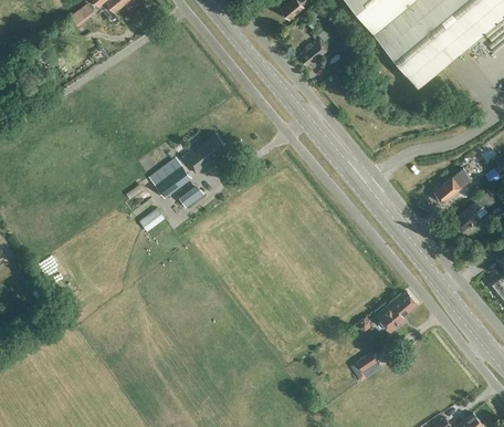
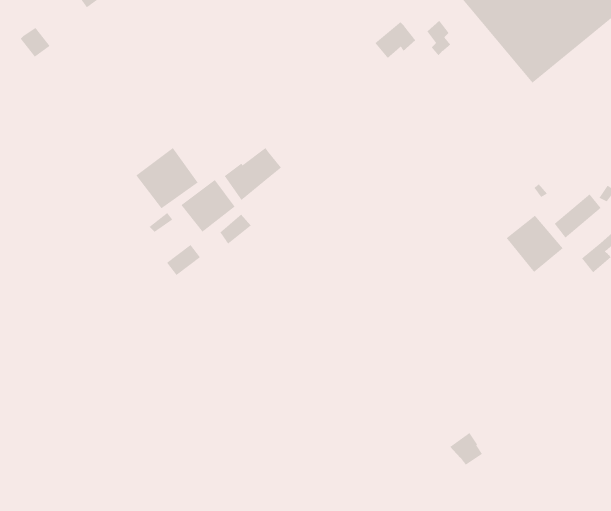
building: none -> [136,147,199,209]
building: none -> [506,215,564,273]
building: [375,291,418,332] -> none

